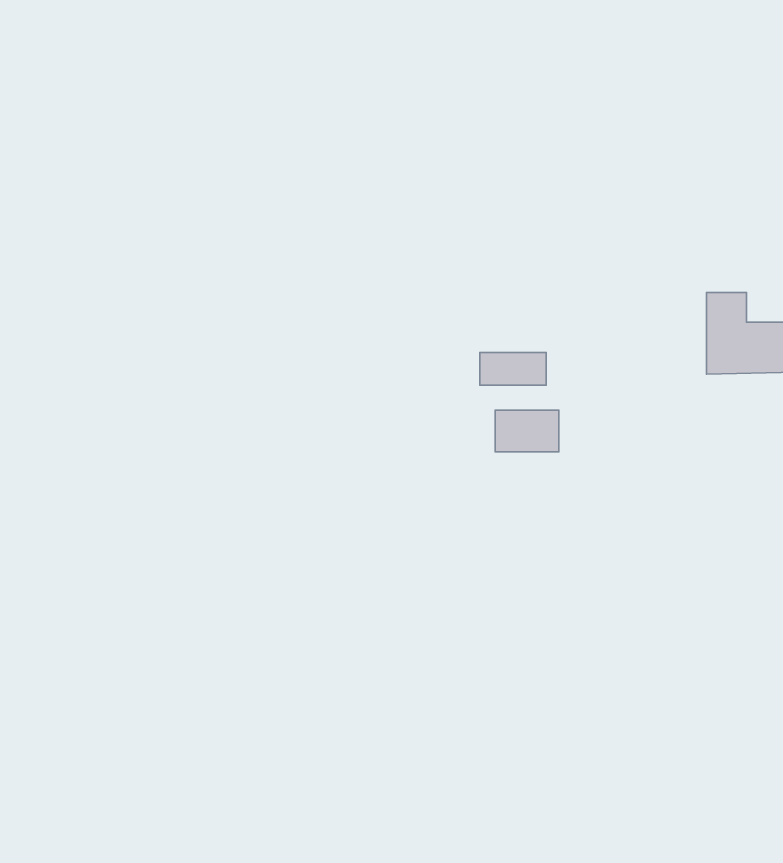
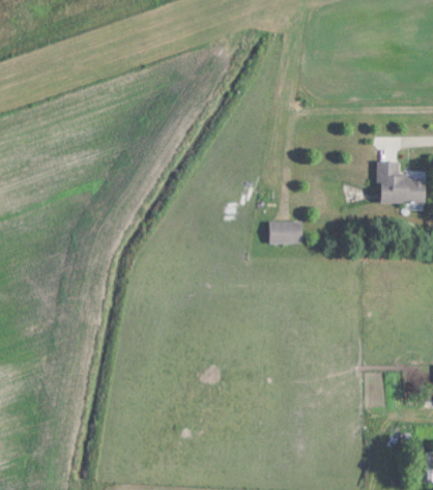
building: [480,352,546,385] -> none

